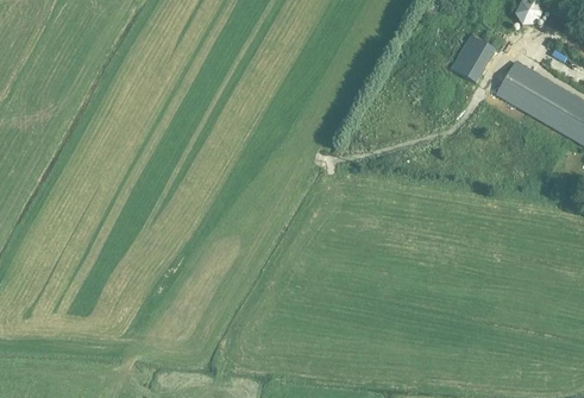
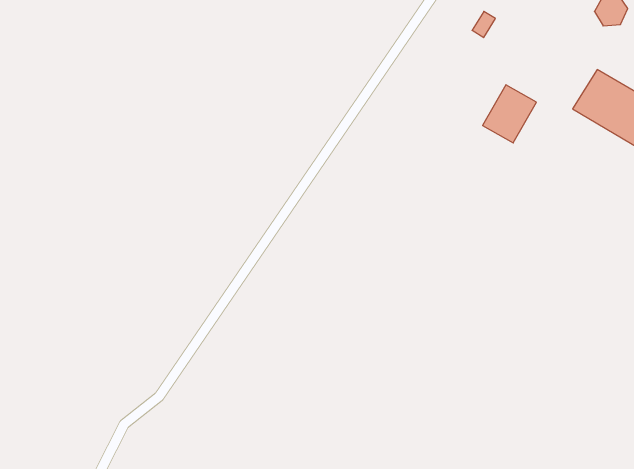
building: [452,34,496,82] -> [483,85,536,143]

